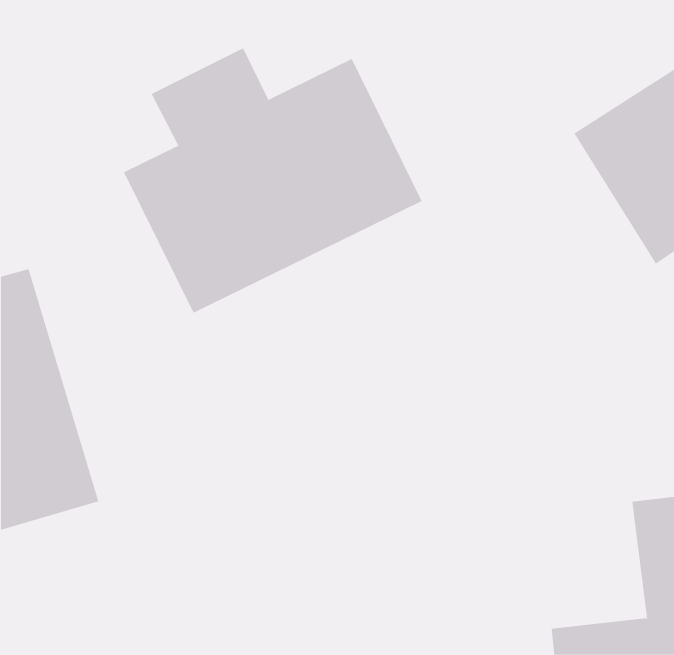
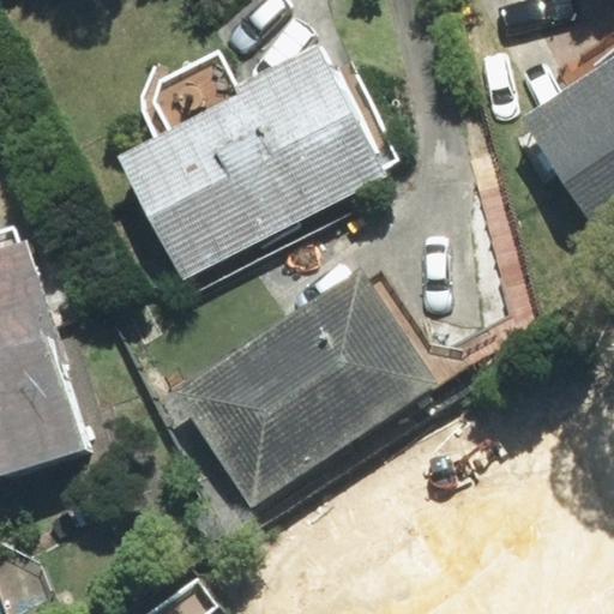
building: none -> [180,272,432,495]

